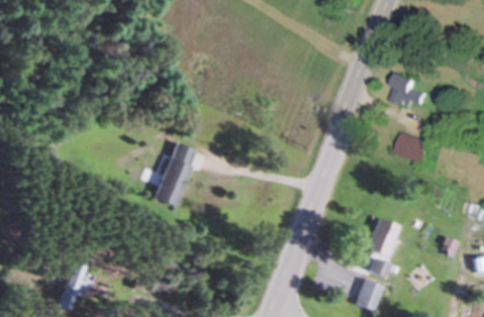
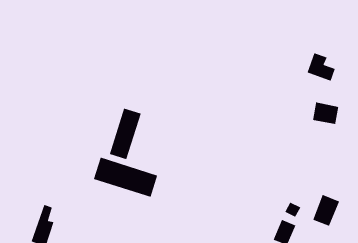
building: none -> [93,157,158,198]
building: [365,217,399,257] -> [312,194,340,227]

